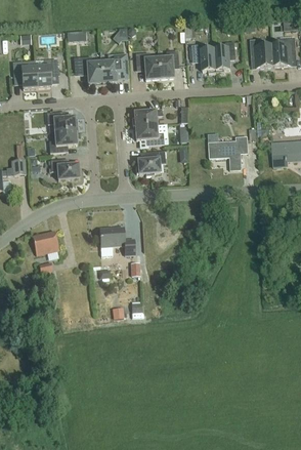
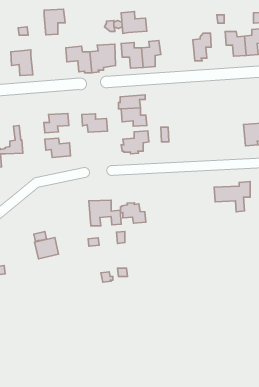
building: none -> [121,11,147,33]
building: [191,43,217,73] -> none
building: [35,58,58,87] -> [44,9,65,35]
building: [47,111,76,131] -> [82,114,107,132]
building: [208,135,248,169] -> [214,182,250,212]
building: none -> [120,203,146,223]
building: [32,231,58,254] -> [35,238,59,259]

